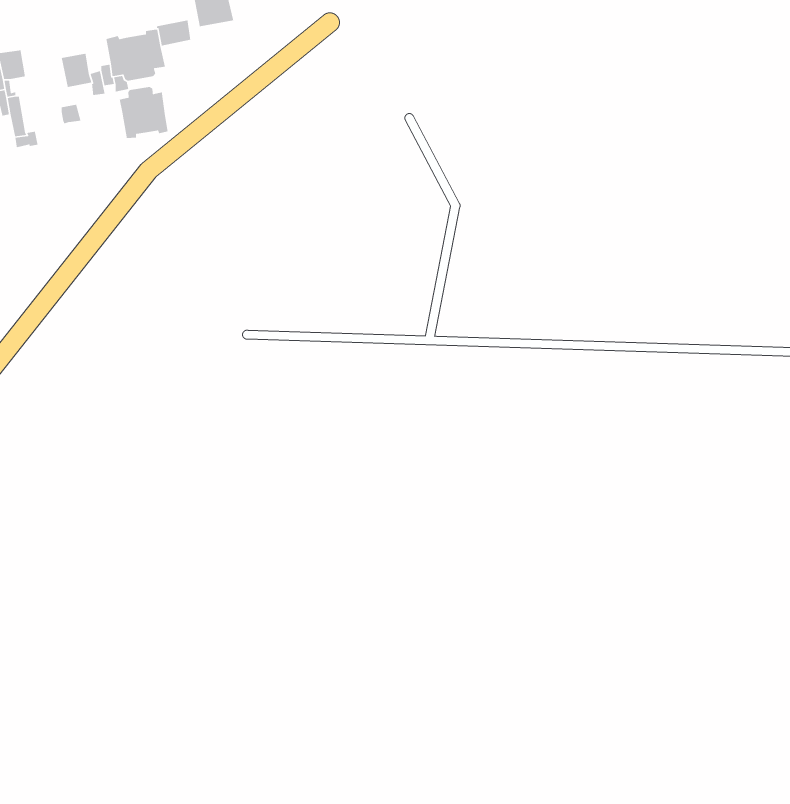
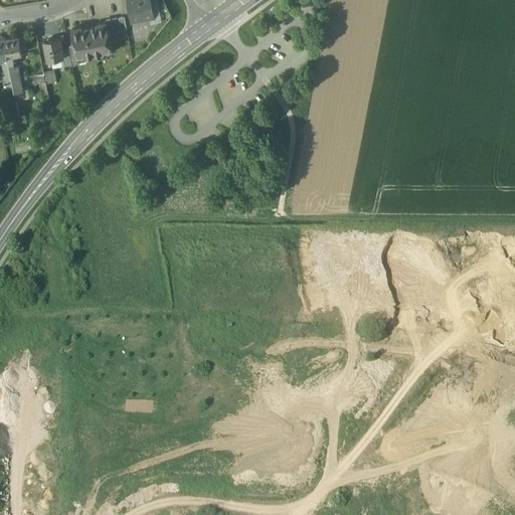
building: [119,86,169,139] -> none

